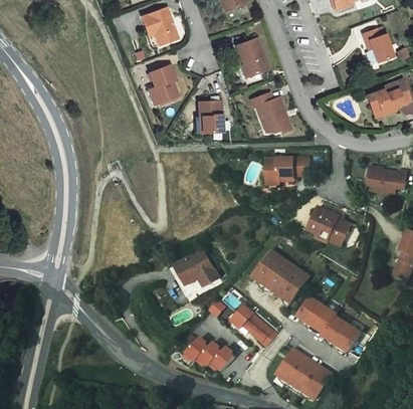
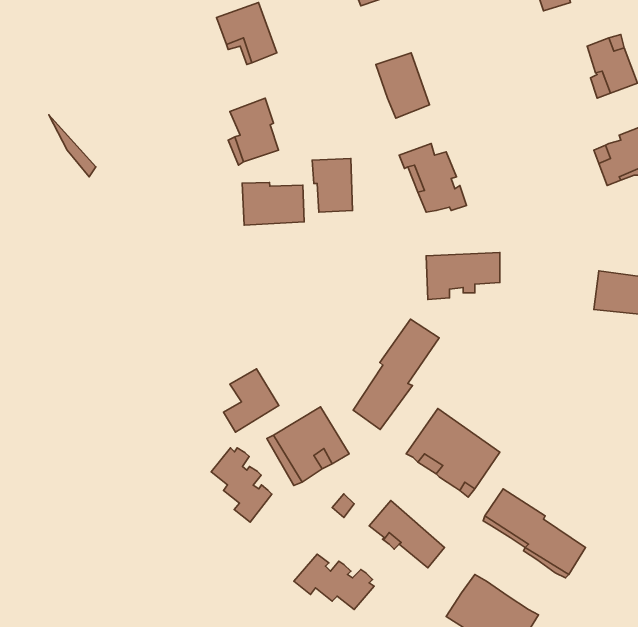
building: none -> [242,183,304,225]
building: none -> [353,319,439,430]
building: [308,206,351,246] -> none
building: none -> [224,369,279,432]
building: none -> [211,448,272,522]

